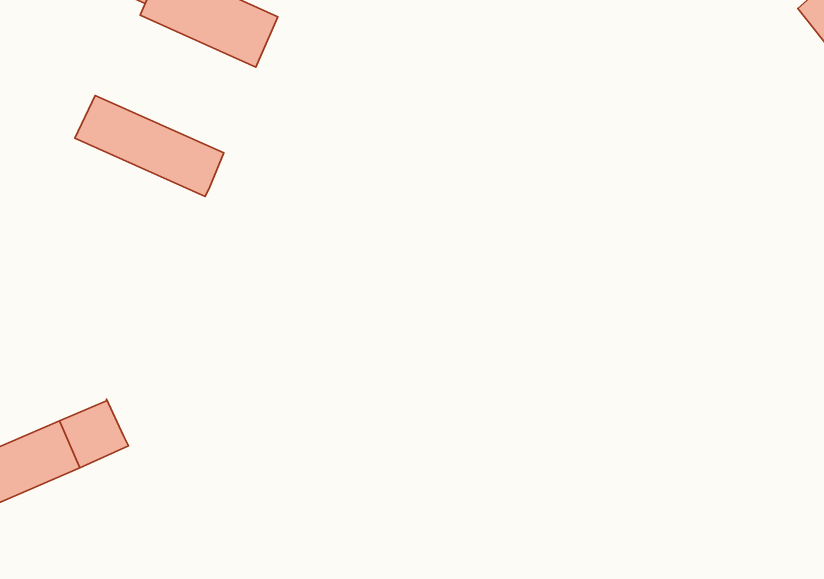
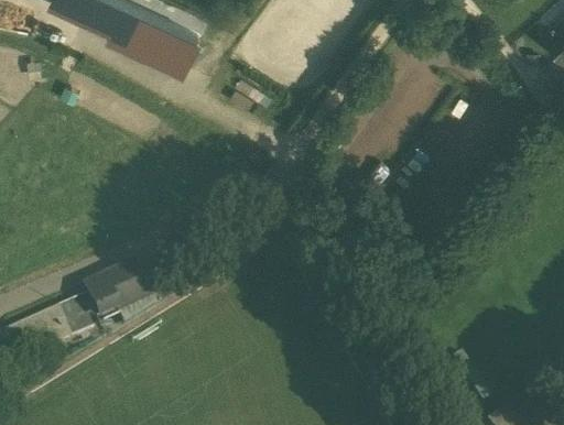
building: [75,96,224,197] -> none
building: none -> [88,259,152,312]

